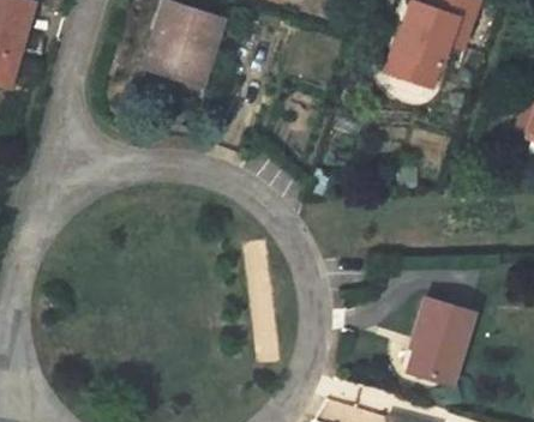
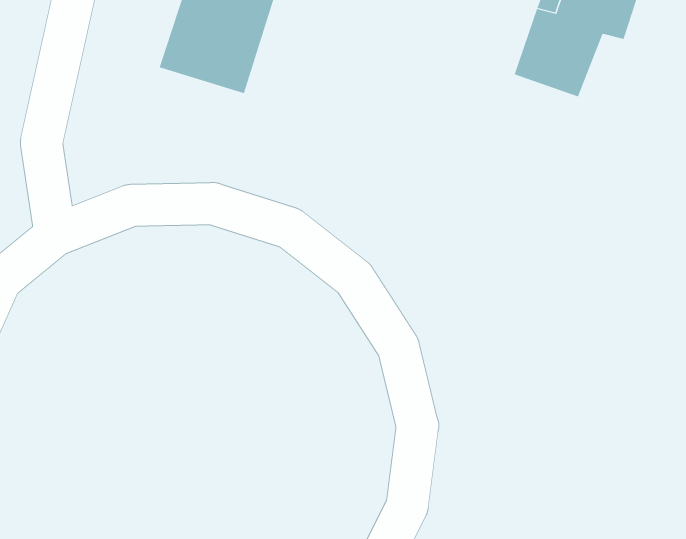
building: [410,299,473,381] -> none

